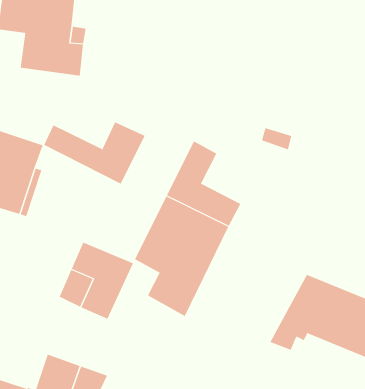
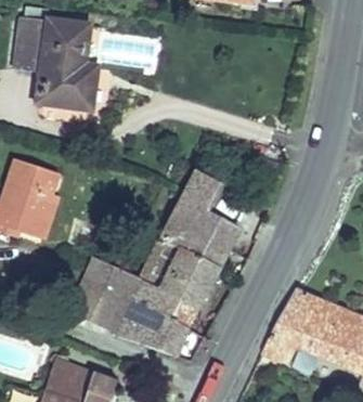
building: [44,121,145,185] -> none
building: none -> [115,276,187,356]

